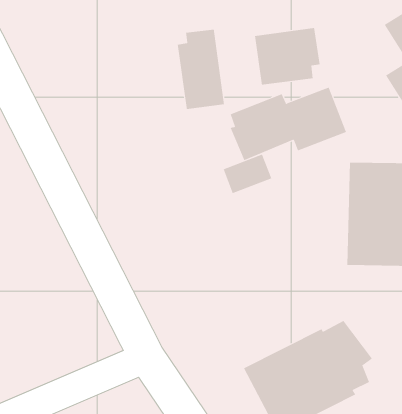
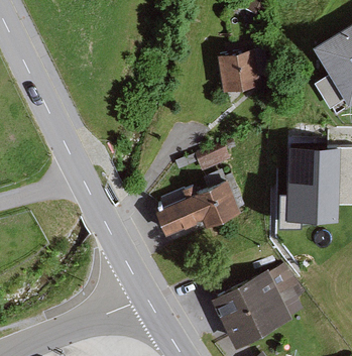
building: [177,29,225,110] -> none
building: [230,87,347,161] -> [155,181,241,235]

